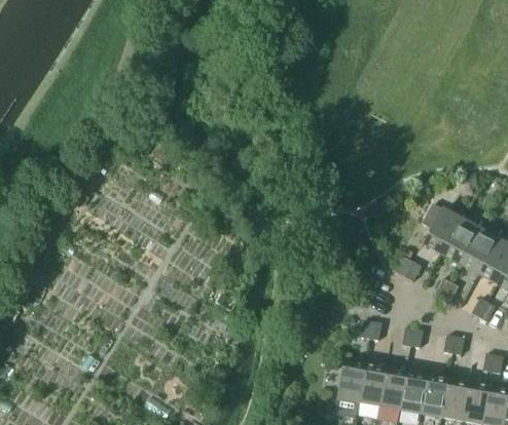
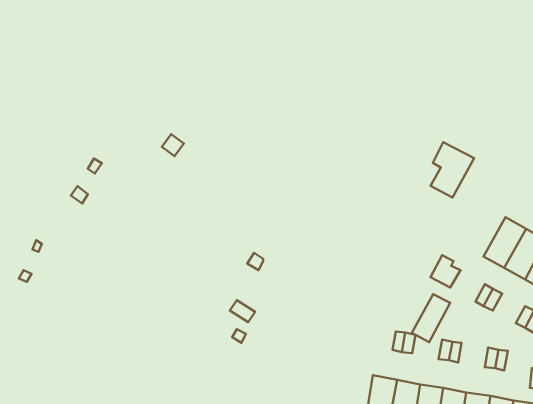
building: [424,204,463,254] -> [430,142,474,197]
building: none -> [412,294,450,342]

